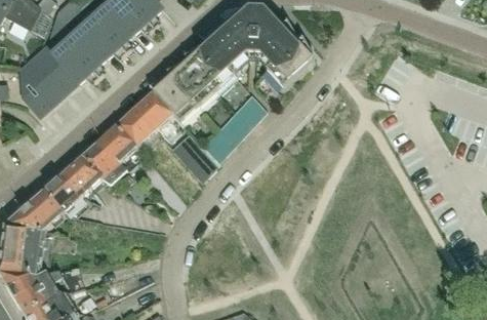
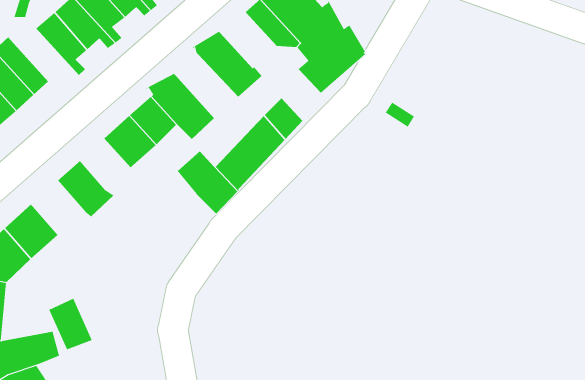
building: [201,28,247,71] -> none
building: [45,41,98,83] -> none
building: [166,59,218,109] -> none
building: [99,124,137,163] -> none
building: [63,156,103,197] -> none
building: none -> [48,298,93,350]

